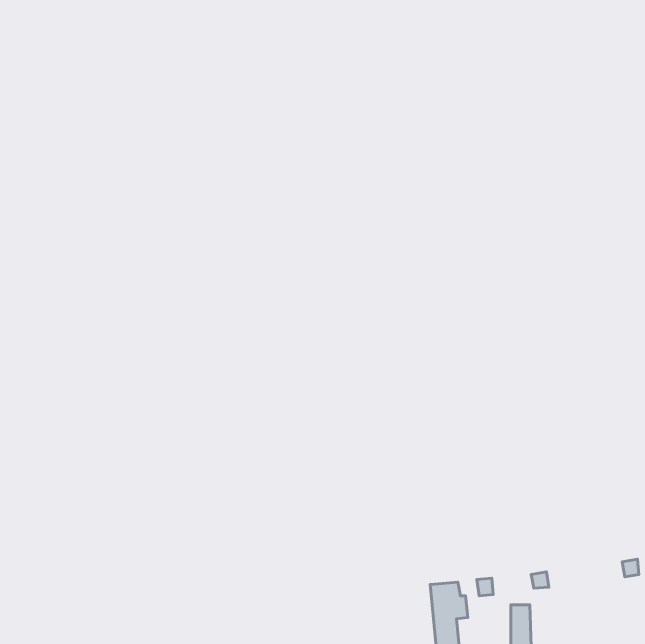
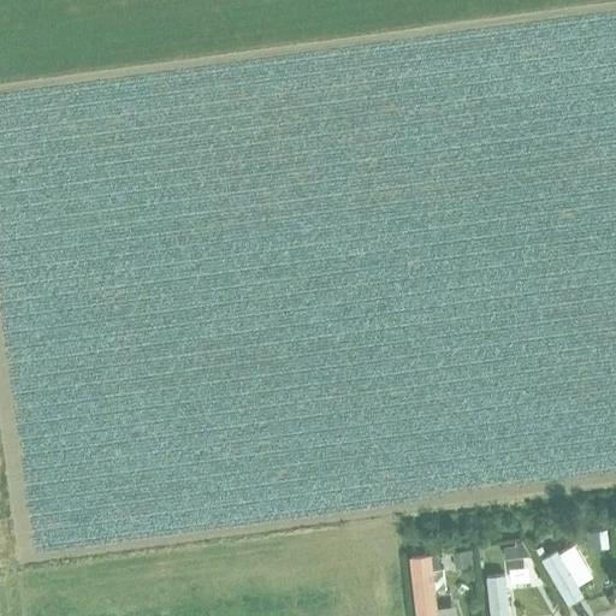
building: none -> [545,547,576,600]

